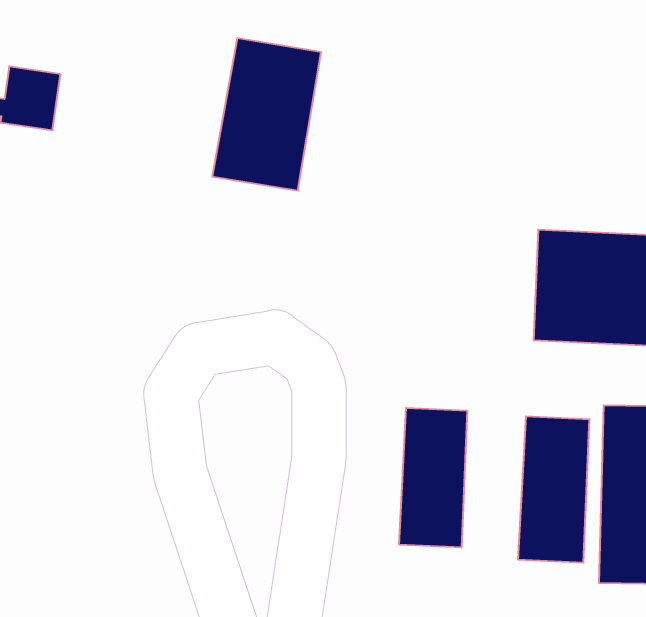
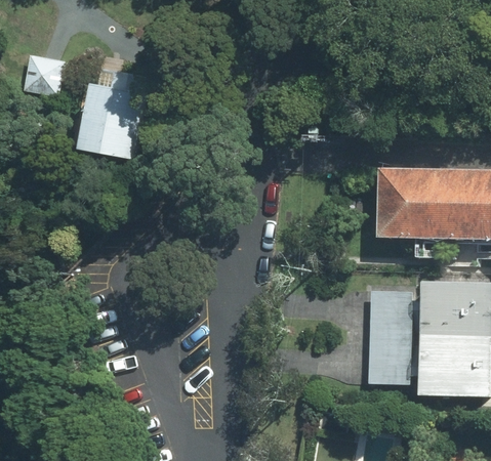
building: [212,38,321,191] -> [75,69,147,169]
building: [399,408,467,548] -> none

